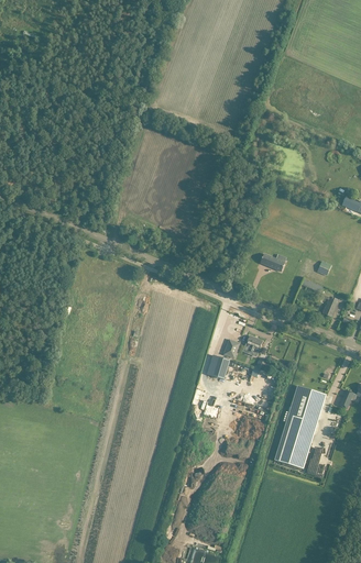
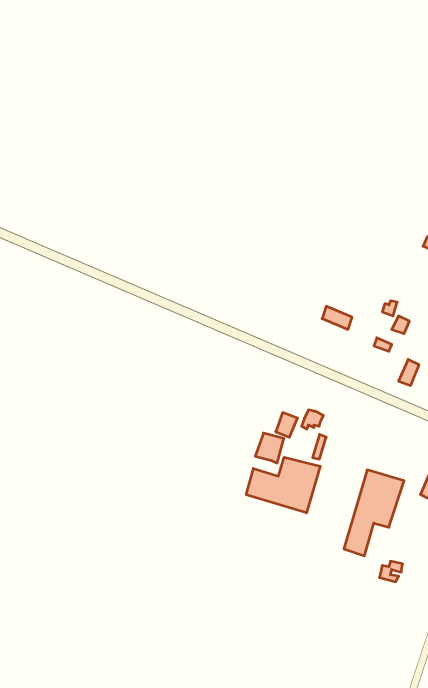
building: none -> [246,457,320,513]

